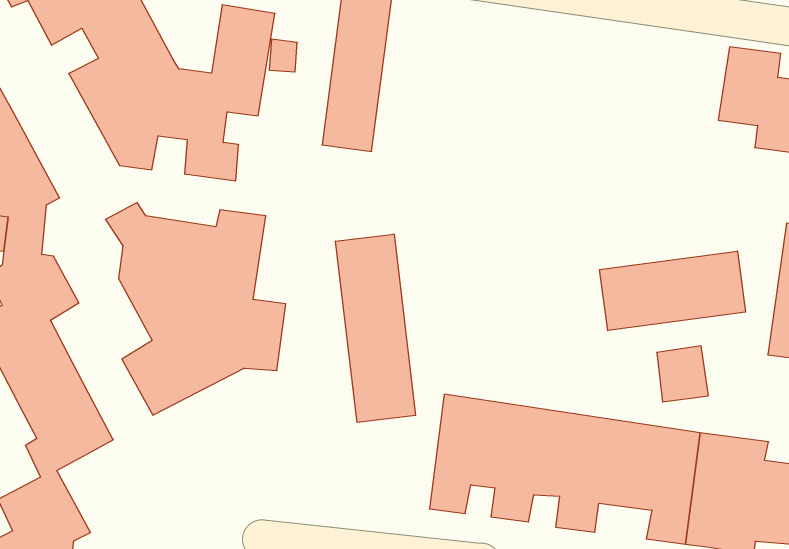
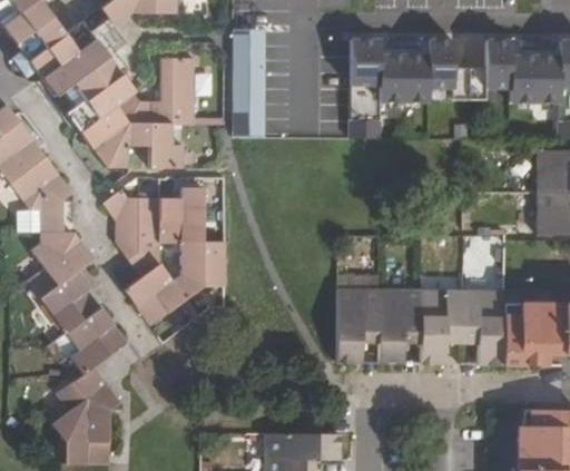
building: none -> [353,40,472,138]
building: [336,234,416,422] -> none
building: [600,251,746,331] -> none

